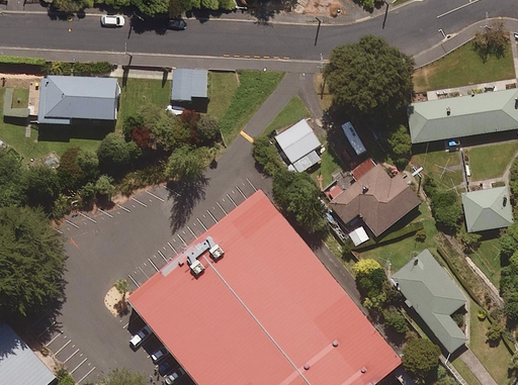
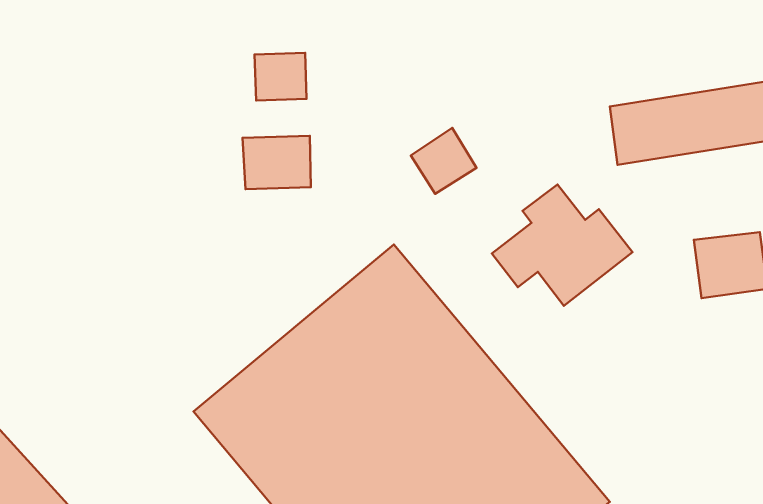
building: [27,75,118,125] -> none
building: none -> [243,136,311,189]
building: [393,251,467,353] -> none

